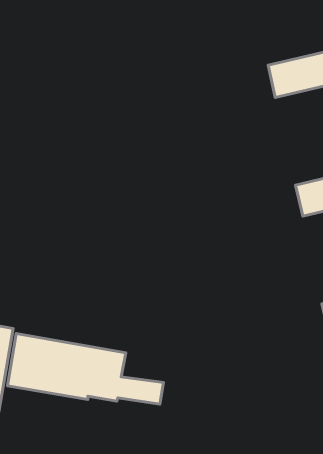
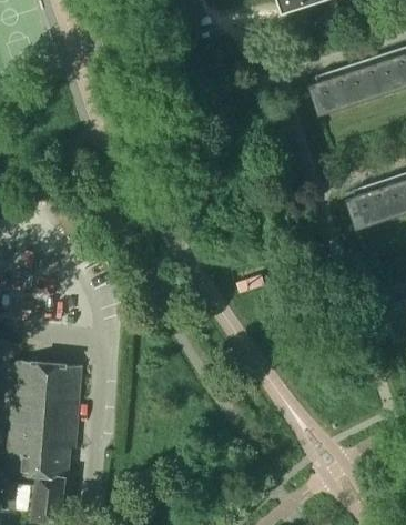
building: [7,334,164,404] -> none

